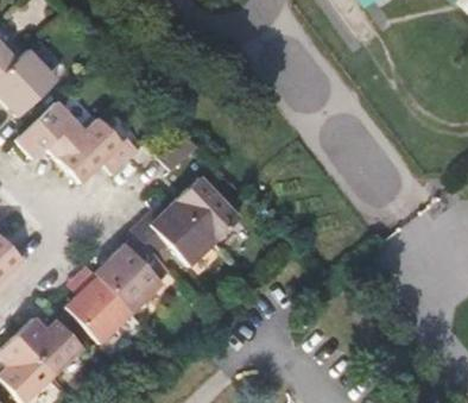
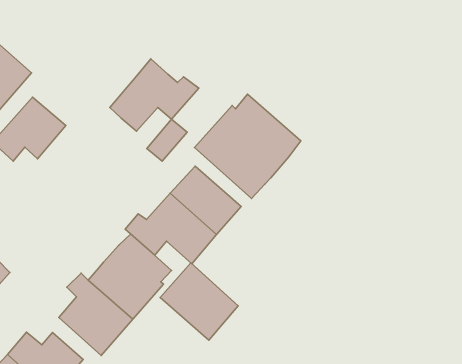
building: none -> [195,94,301,199]
building: [56,118,139,183] -> [110,59,199,131]
building: none -> [160,263,238,340]

